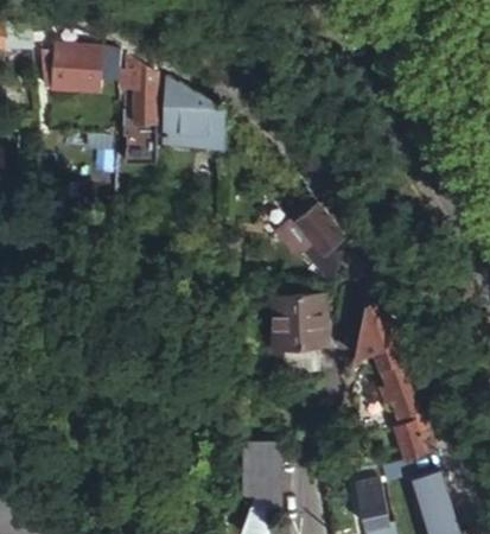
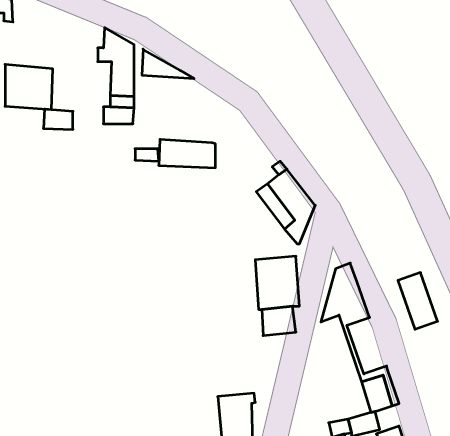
building: [51,43,101,90] -> [5,64,53,110]
building: [164,104,223,134] -> [159,139,215,168]
building: [380,358,421,418] -> [398,273,438,329]

